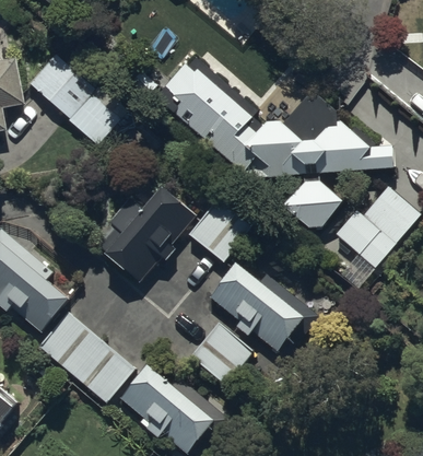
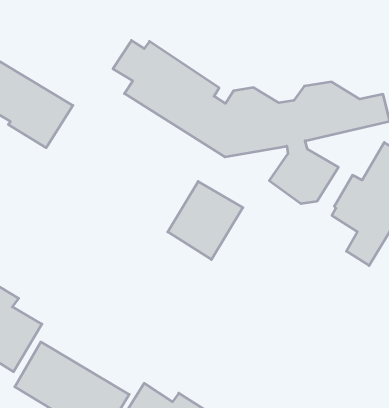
building: [99,182,198,281] -> none
building: [205,258,317,353] -> none
building: [189,319,255,384] -> none

